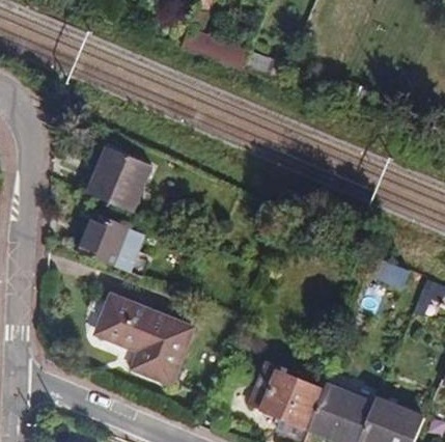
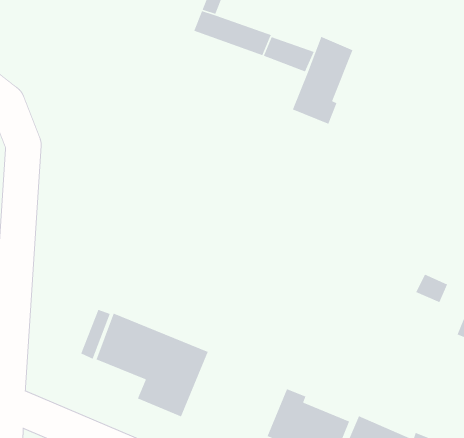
building: none -> [292,36,354,125]
building: [86,146,151,213] -> none
building: [78,212,129,267] -> none

